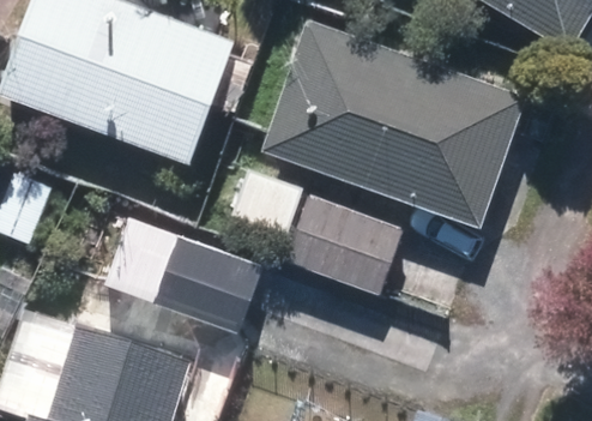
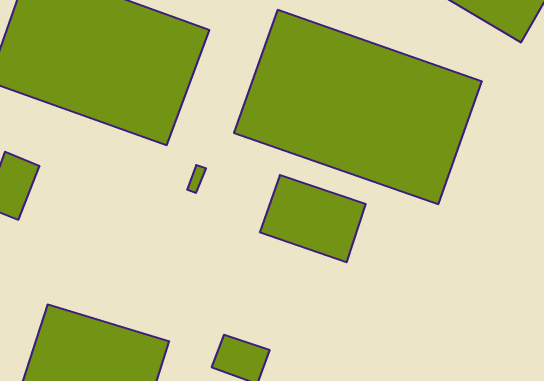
building: [121,222,261,333] -> none

